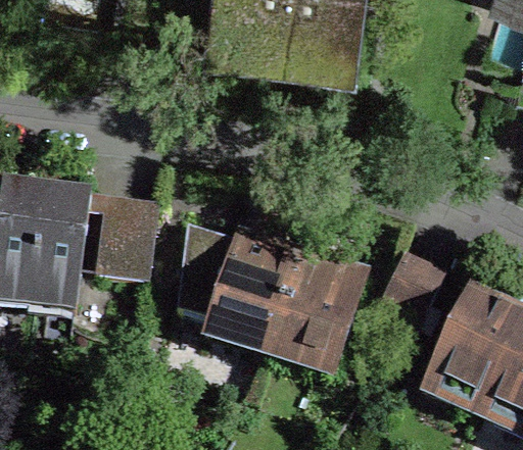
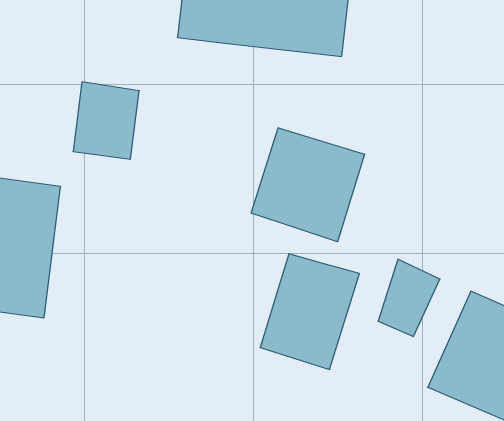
building: none -> [251,128,365,242]
building: [96,211,157,283] -> [73,82,139,159]
building: [177,224,302,341] -> none

